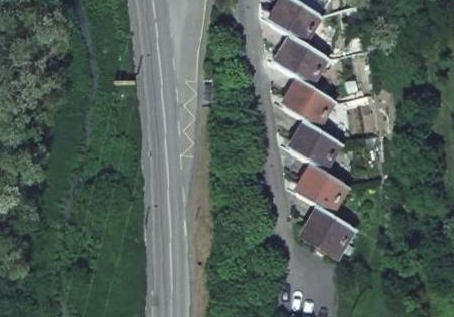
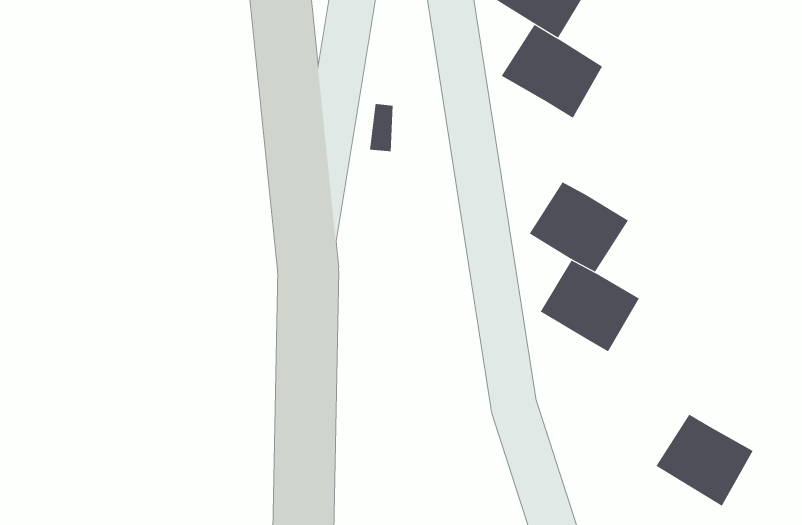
building: [280,77,336,127] -> none
building: [301,206,354,256] -> [655,414,754,507]

